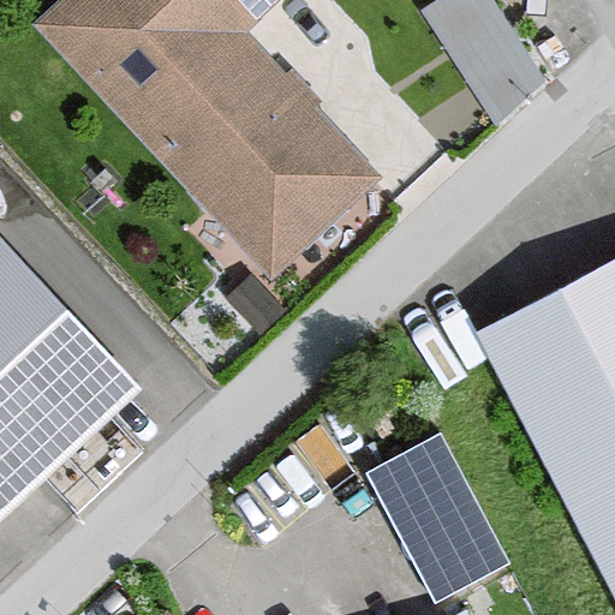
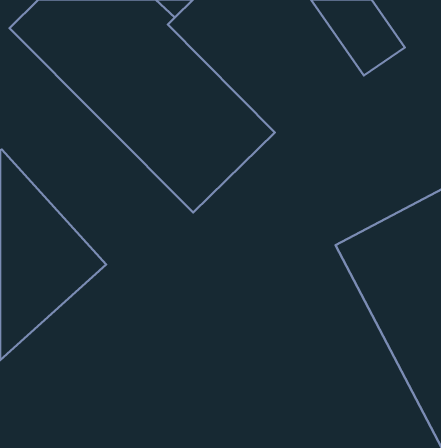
building: [383,413,523,583] -> none

